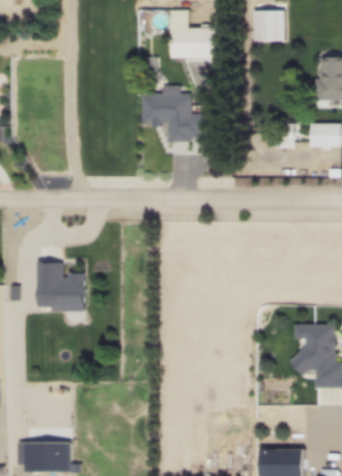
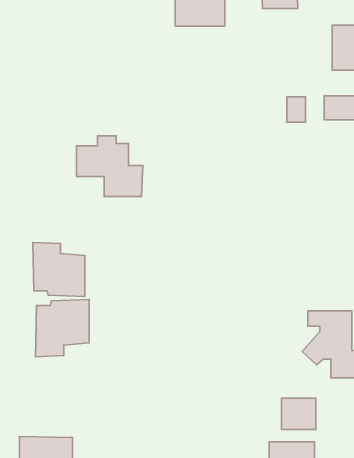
building: [143,85,205,142] -> [76,136,143,196]
building: none -> [35,300,89,357]
building: none -> [282,398,316,430]

